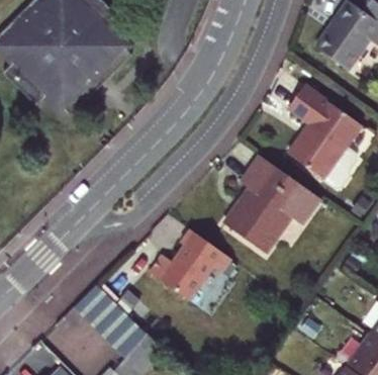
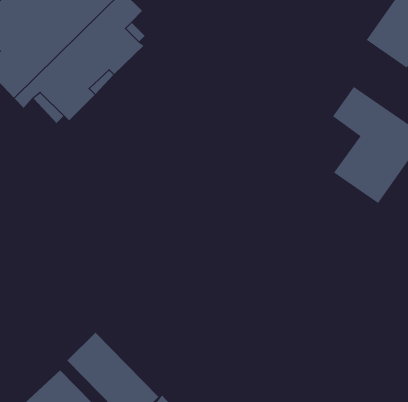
building: [219,153,315,251] -> none
building: [148,226,233,299] -> none

